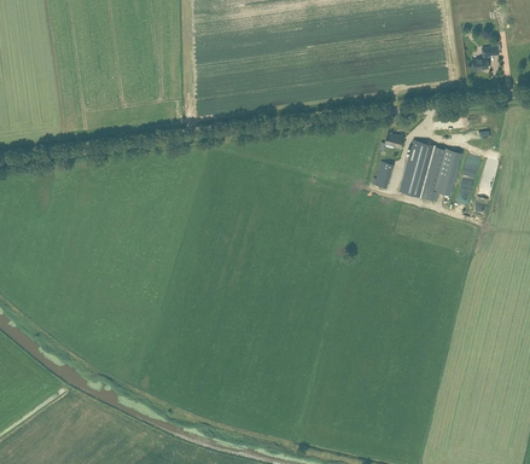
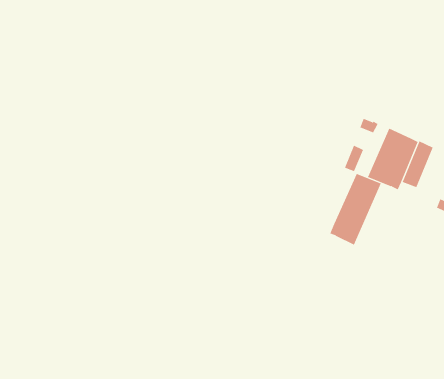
building: none -> [329,173,381,246]

